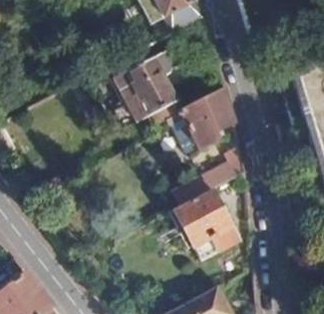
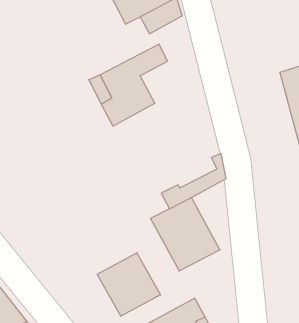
building: [181,86,236,147] -> none
building: none -> [97,253,161,316]

